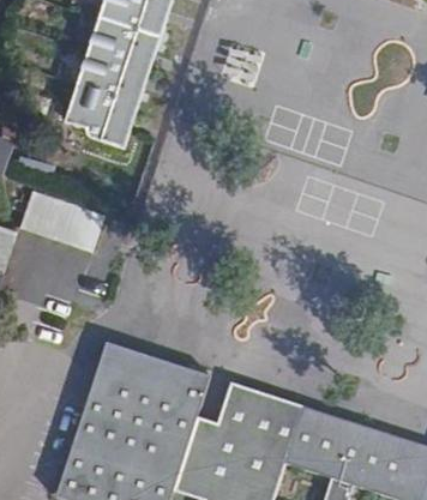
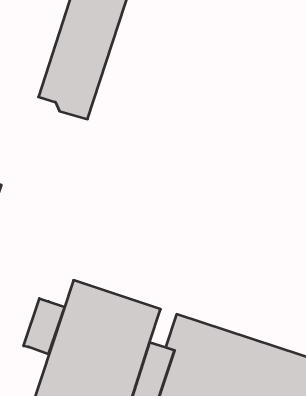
building: [24,187,109,248] -> none
building: none -> [24,298,65,354]

